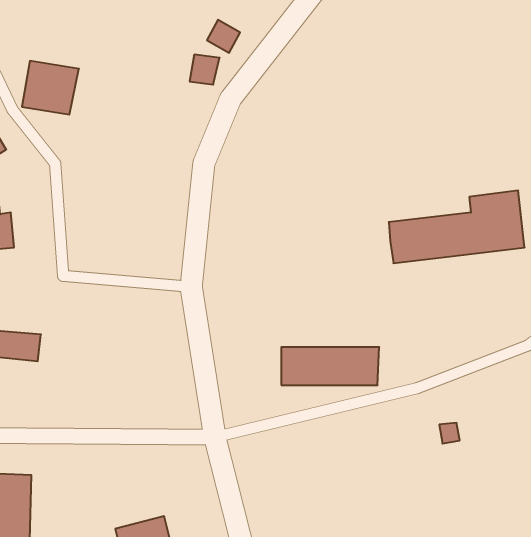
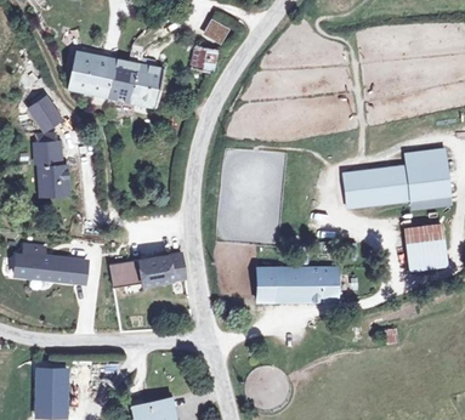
building: none -> [102,57,159,102]
building: none -> [408,223,452,269]
building: none -> [103,249,180,285]

